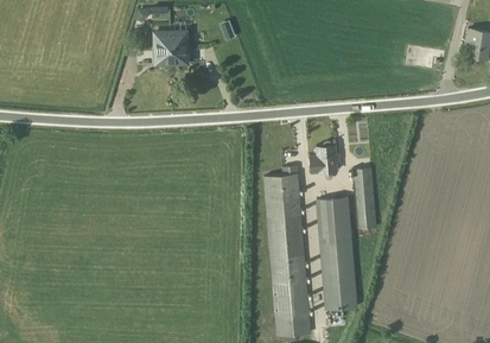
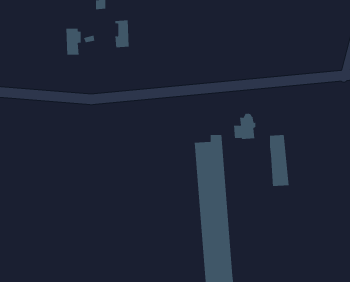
building: [154,32,173,64] -> [66,28,82,55]
building: [317,196,357,309] -> none

